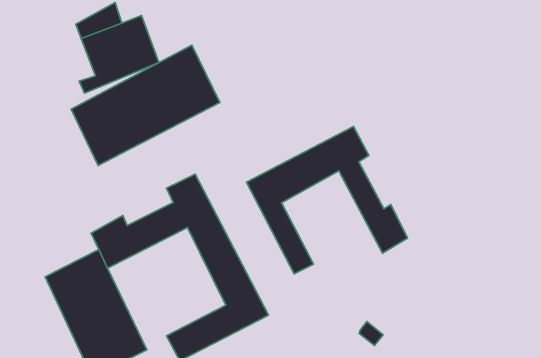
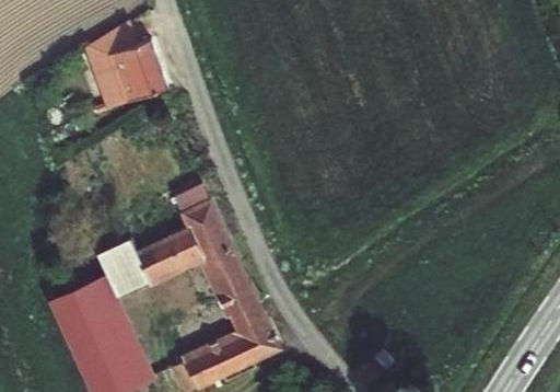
building: [71,45,220,166] -> none
building: [246,126,408,274] -> none

